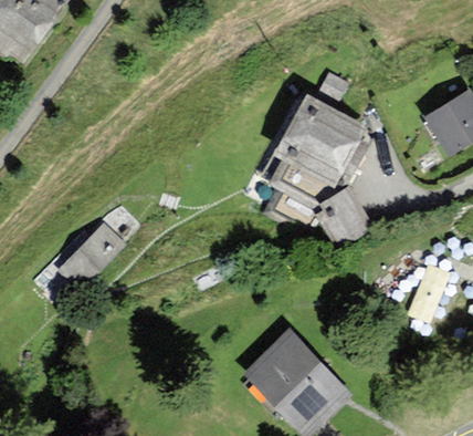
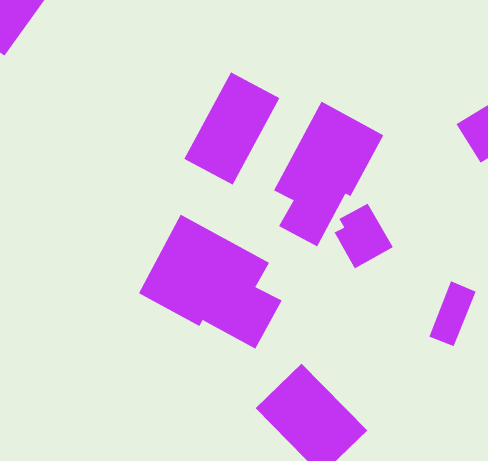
building: none -> [183,72,280,186]
building: none -> [138,214,283,349]
building: [65,225,122,282] -> none

